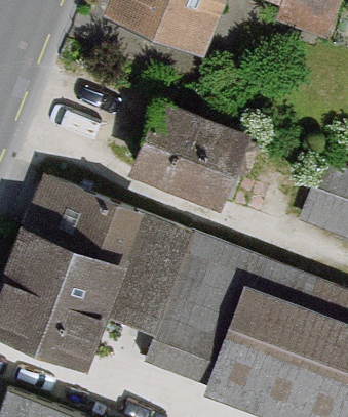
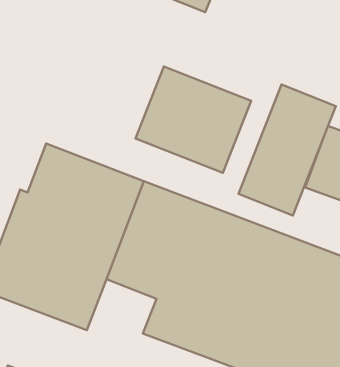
building: none -> [239,85,336,215]

